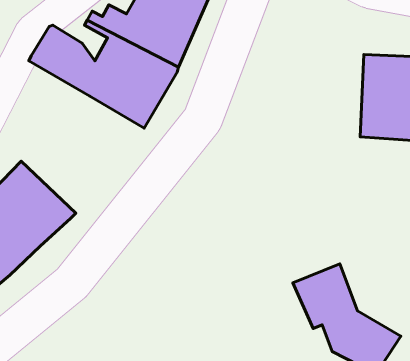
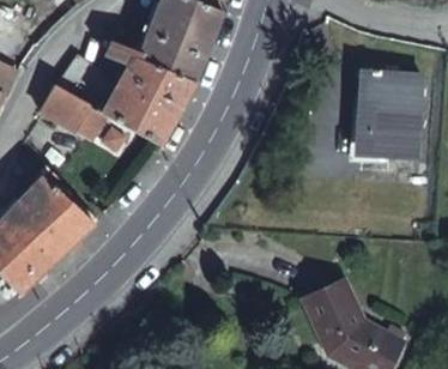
building: none -> [36,81,108,137]

